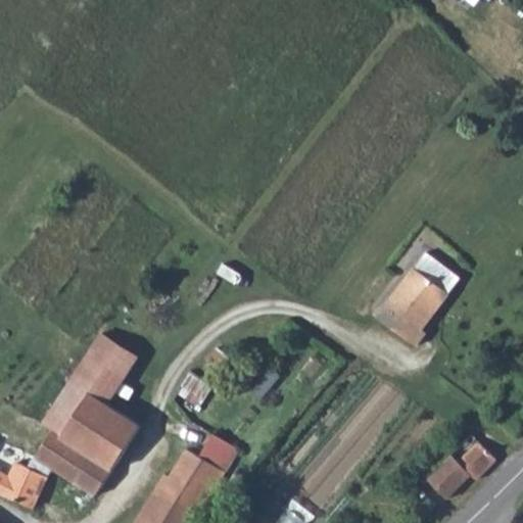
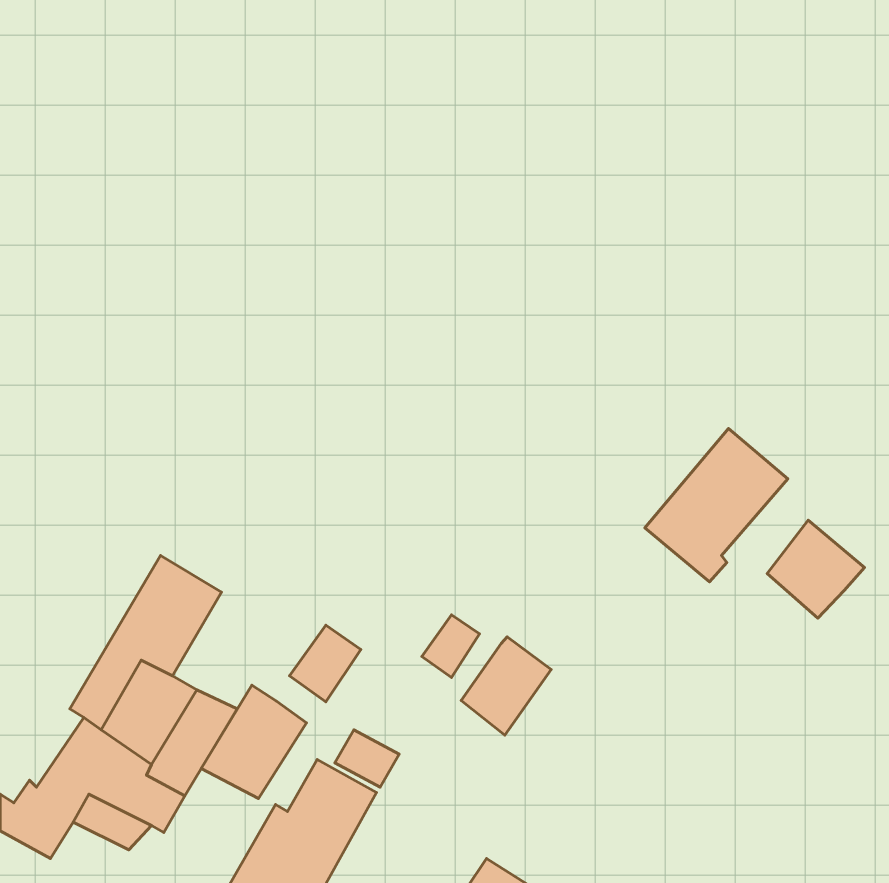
building: none -> [767,520,864,618]
building: none -> [461,637,551,735]
building: none -> [201,685,306,798]
building: [426,446,497,501] -> none

